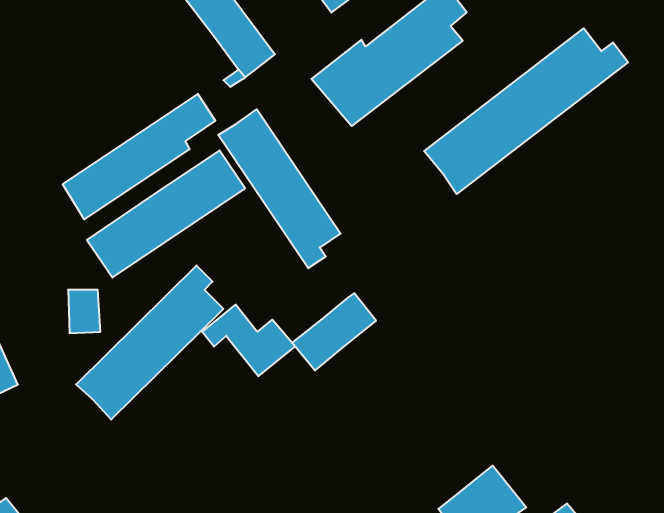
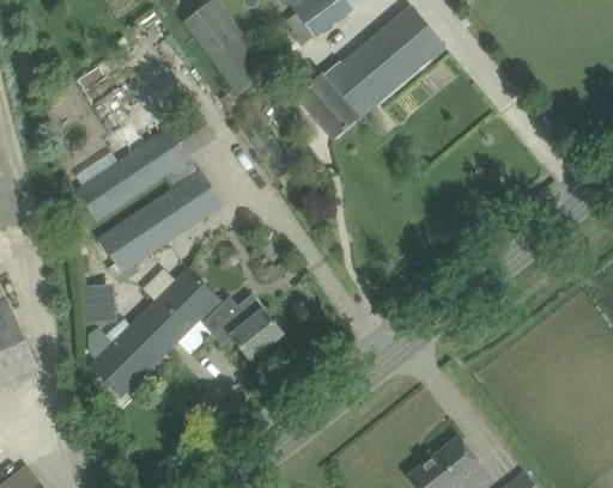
building: [424,28,628,194] -> none
building: [218,109,341,268] -> none
building: [292,293,376,371] -> none

